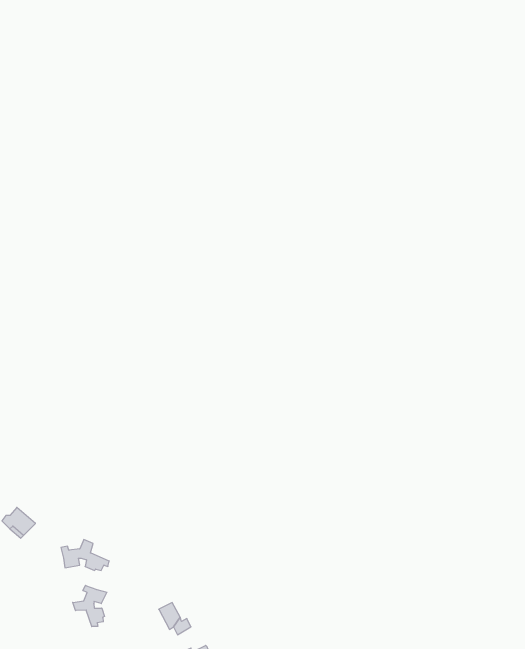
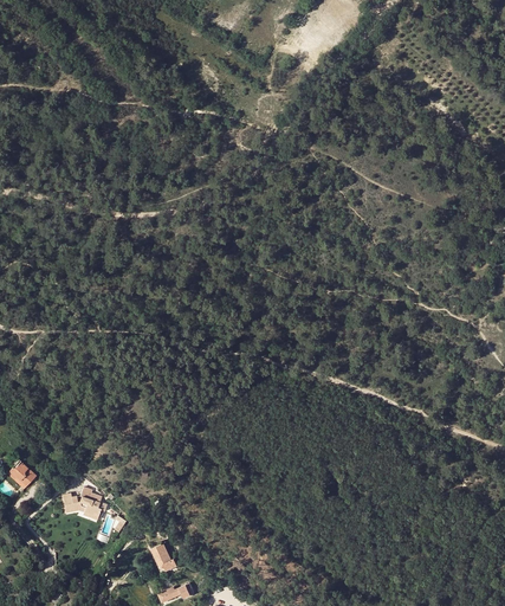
building: [73,585,107,627] -> none

